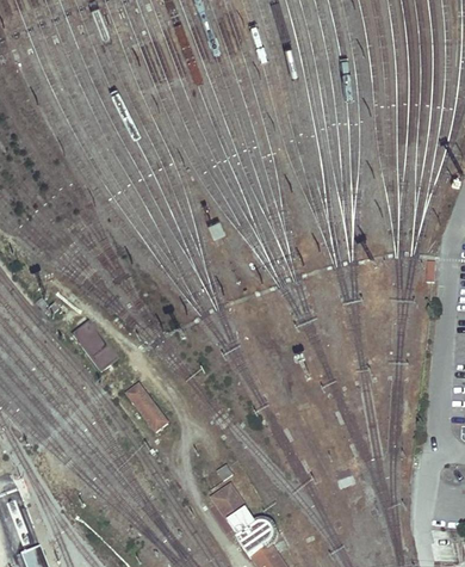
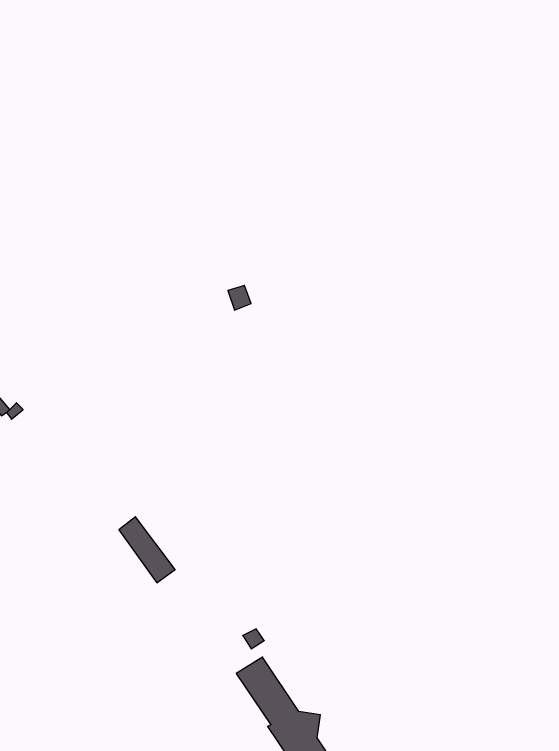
building: [72,319,117,369] -> none

